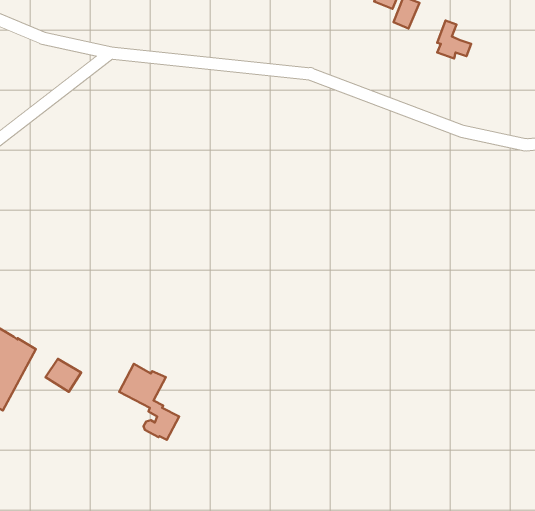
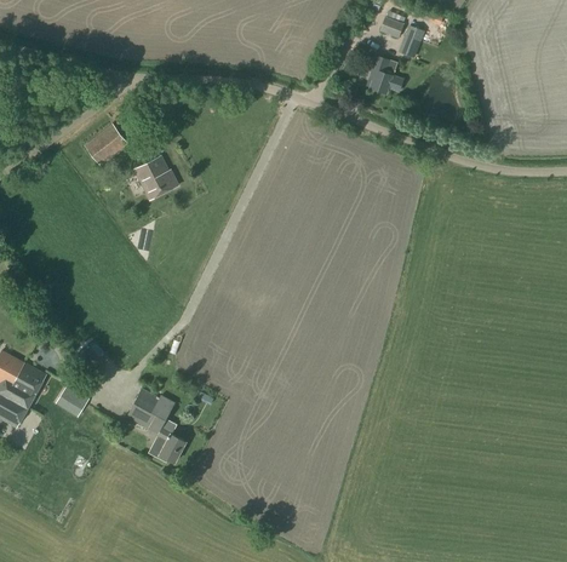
building: [437,21,471,59] -> [370,56,403,93]
building: none -> [84,124,127,165]
building: none -> [134,156,177,199]

